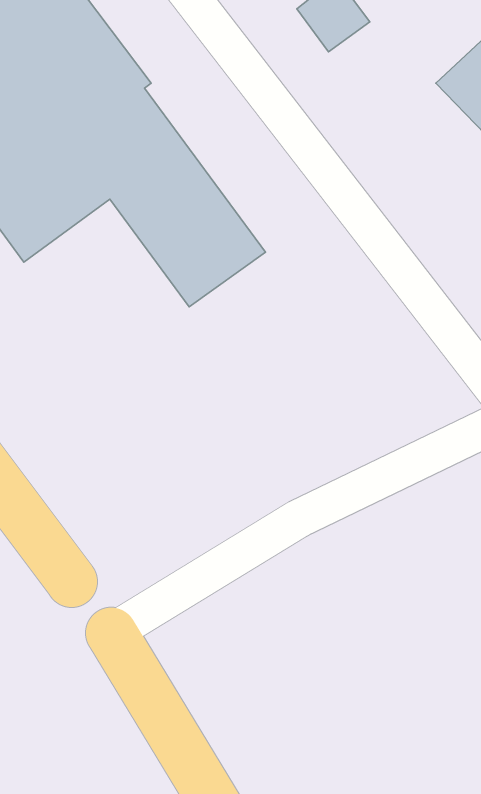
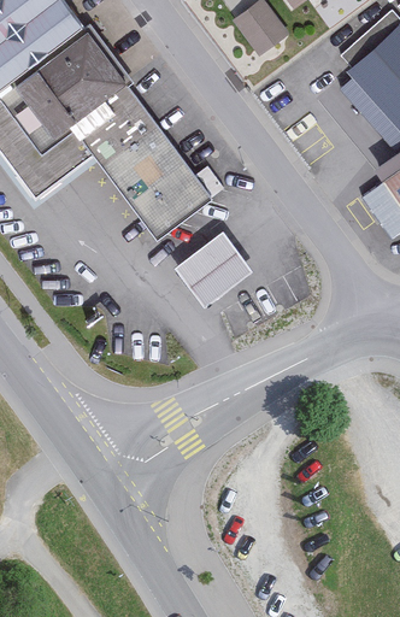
building: none -> [170,222,251,300]

